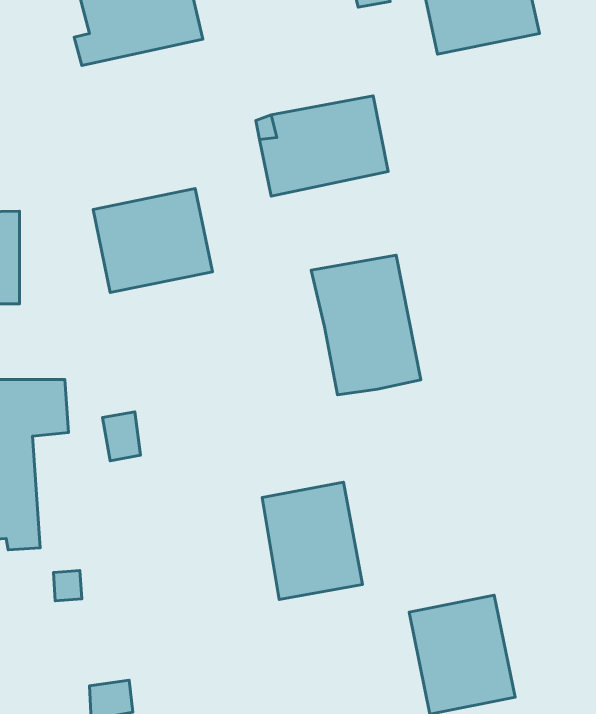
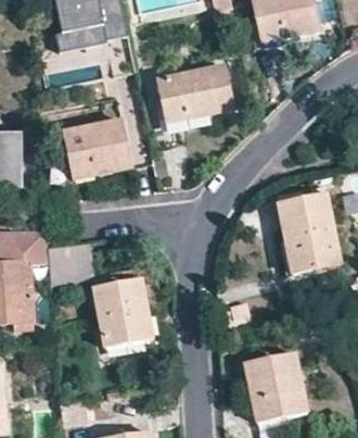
building: [311,255,421,395] -> [277,192,340,273]
building: [262,482,363,600] -> [93,278,151,346]

